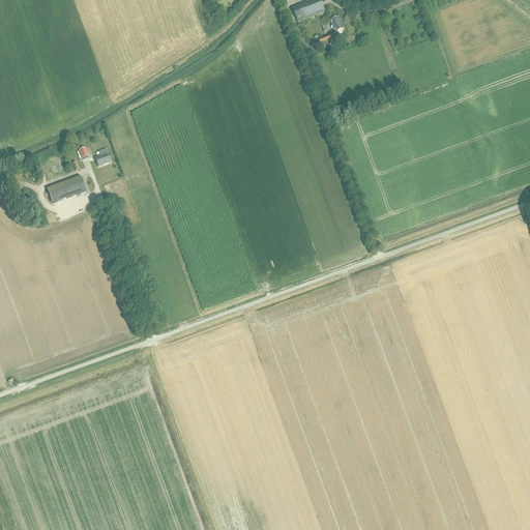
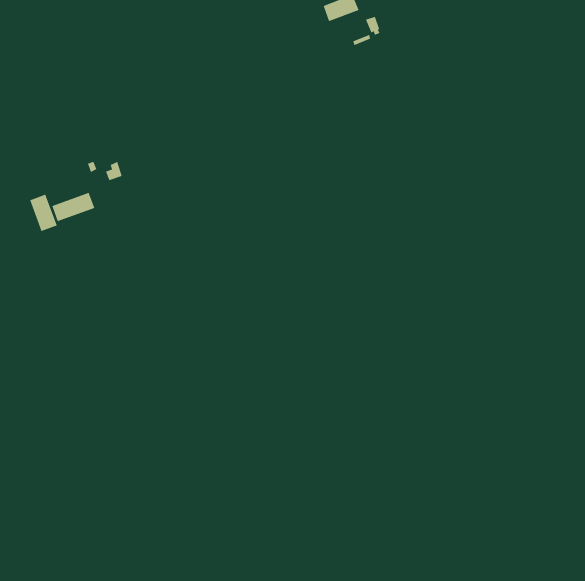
building: none -> [30,194,57,232]

